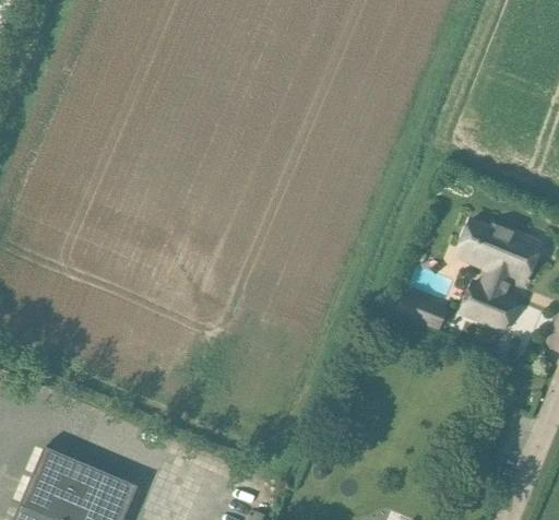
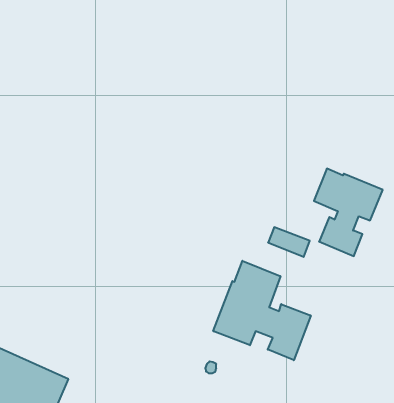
building: none -> [213,261,311,360]

